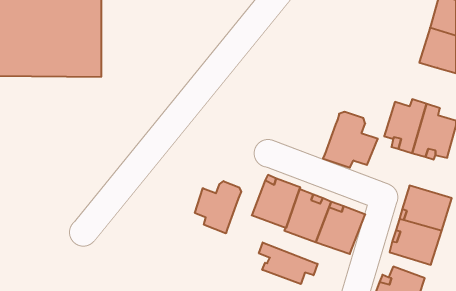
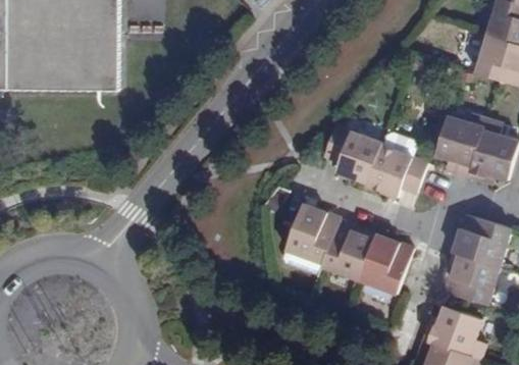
building: none -> [324,123,382,177]
building: [195,181,241,233] -> none
building: [259,242,318,284] -> none

